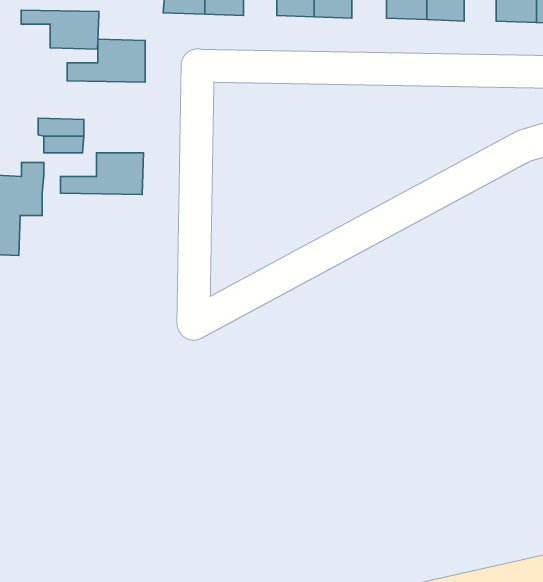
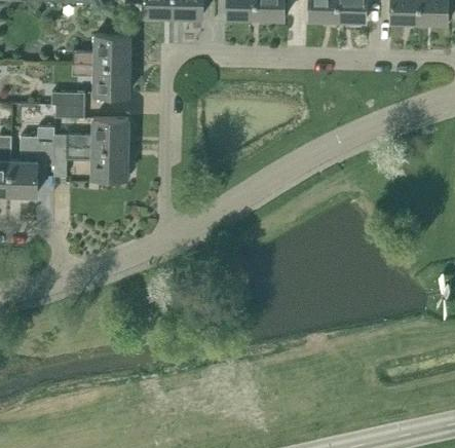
building: [21,10,99,49] -> [72,66,129,95]
building: none -> [53,136,127,178]

